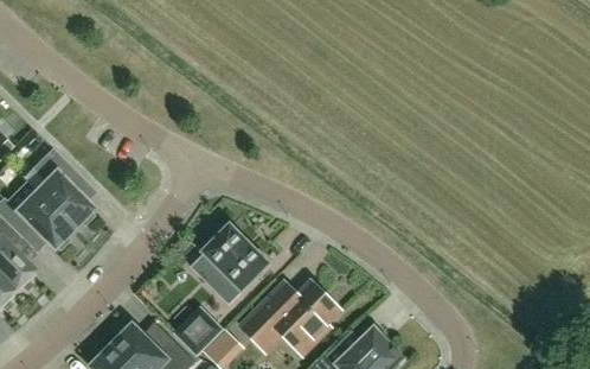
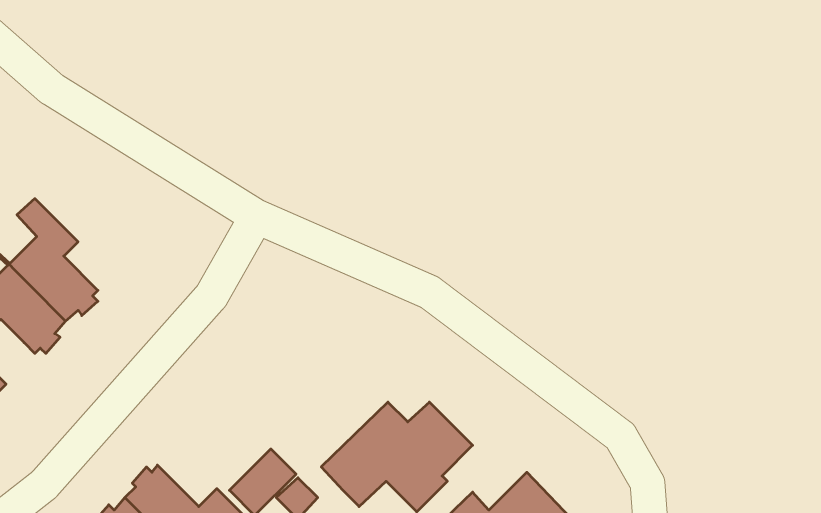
building: [200,224,268,304] -> none

